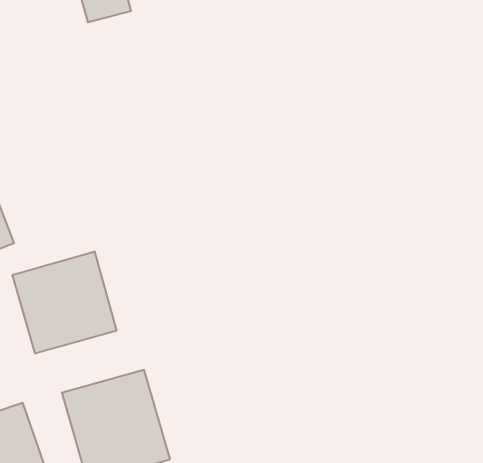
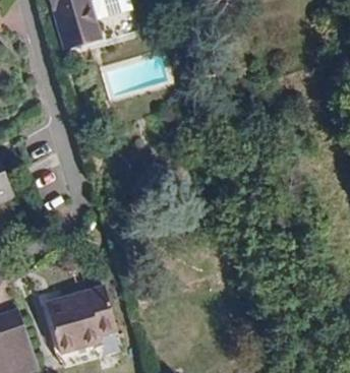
building: [12,251,116,354] -> none

